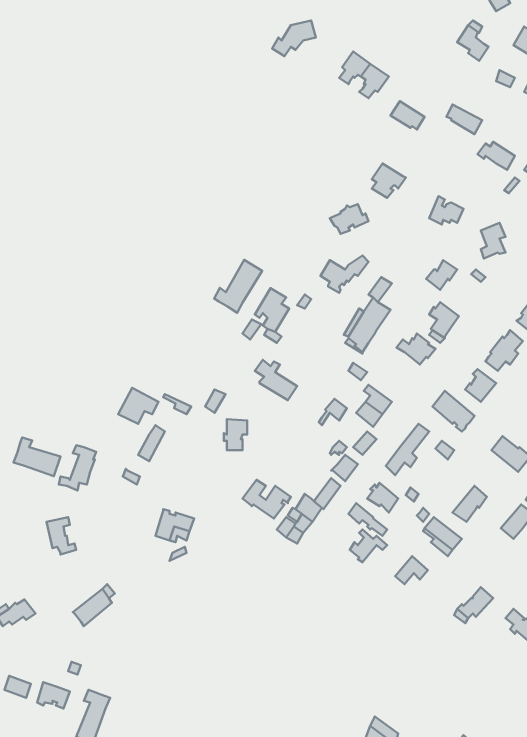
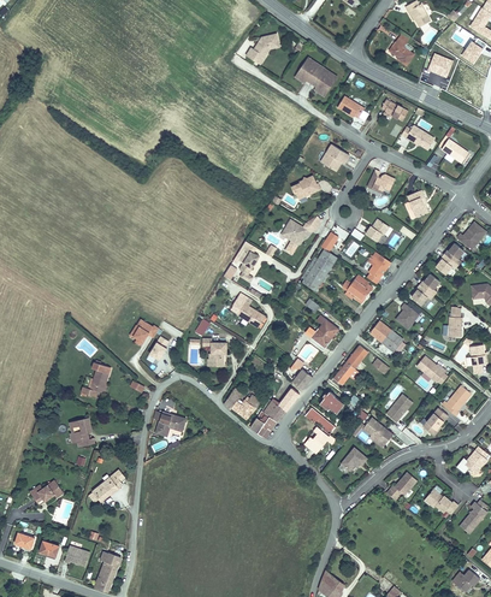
building: [214,260,262,313] -> none
building: [13,438,61,476] -> none

